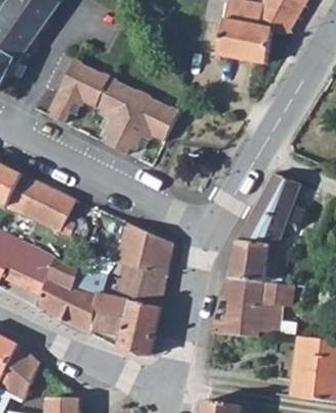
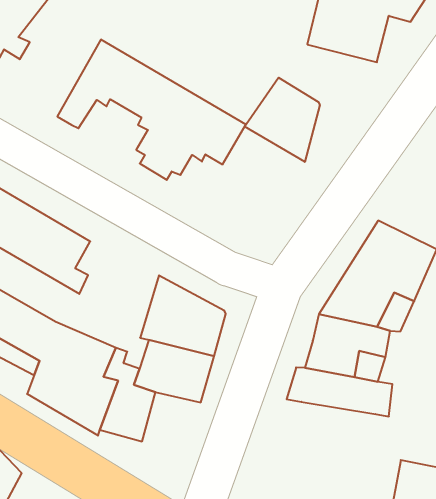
building: none -> [245,78,320,162]
building: [117,301,158,355] -> none
building: [210,301,279,338] -> none

